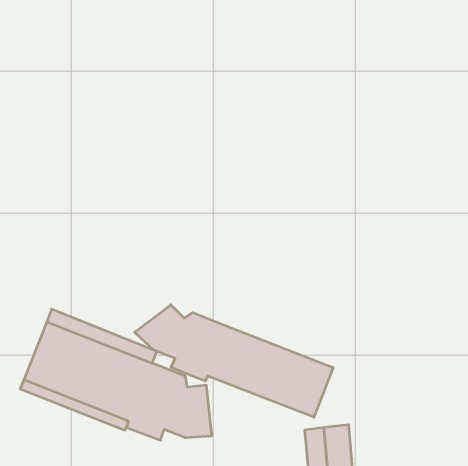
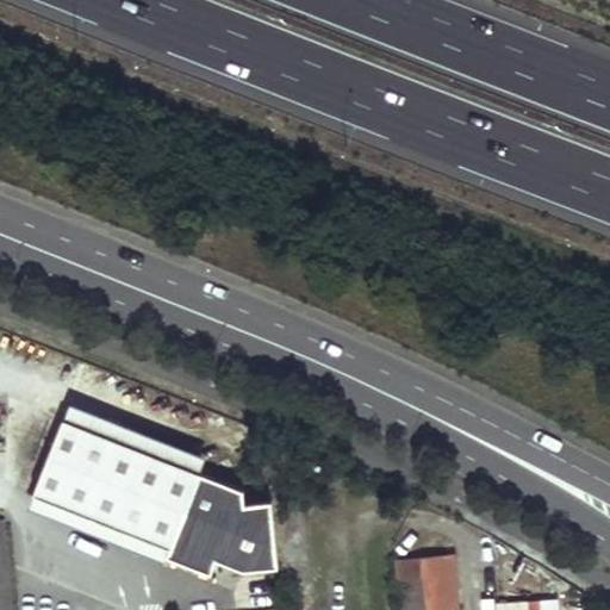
building: [135,305,333,417] -> none

